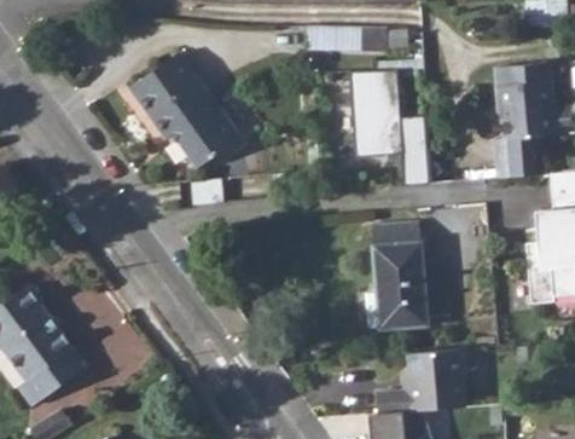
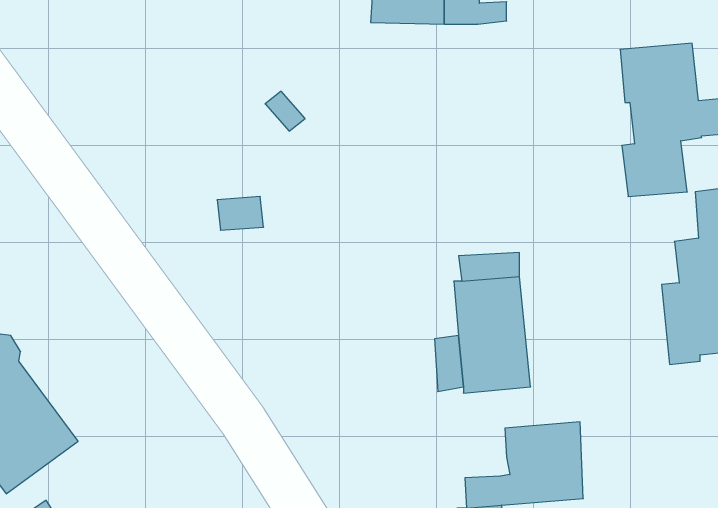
building: [129,52,240,168] -> none
building: [350,70,426,187] -> none

